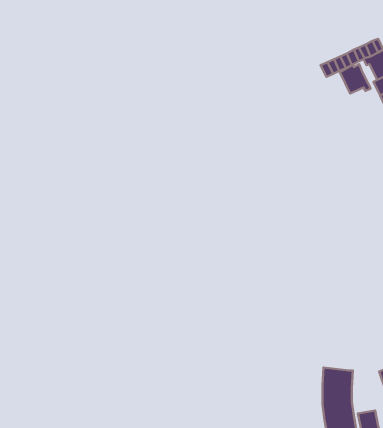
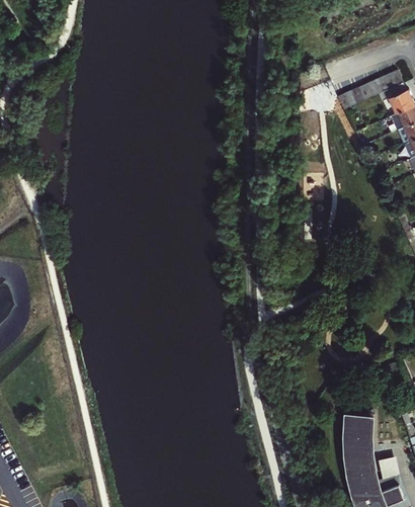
building: [340,64,371,93] -> none

